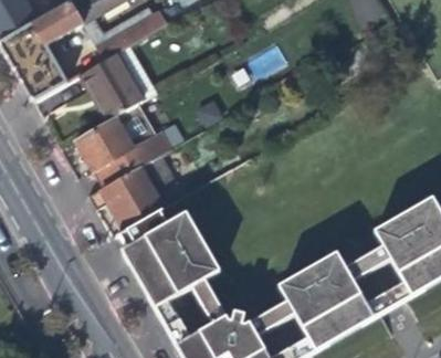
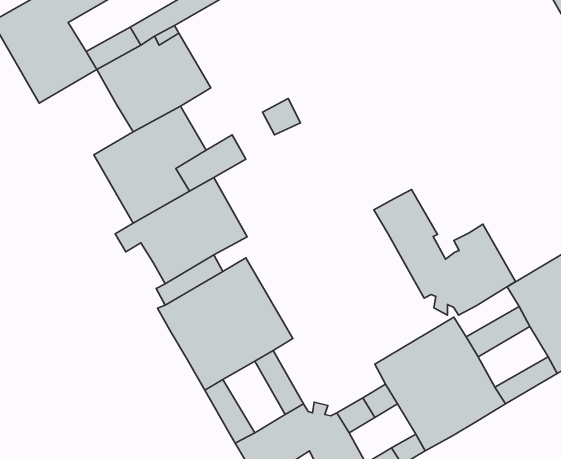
building: none -> [374,190,515,315]

